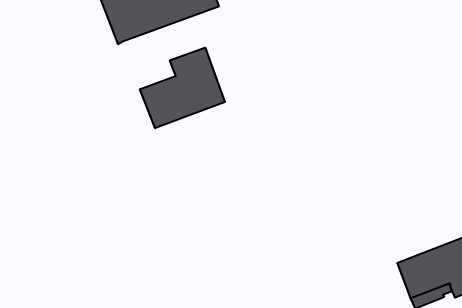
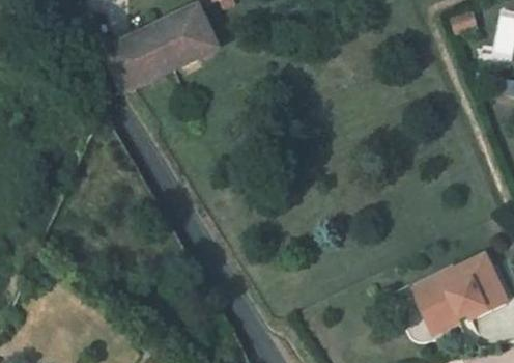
building: [140,48,225,128] -> none

